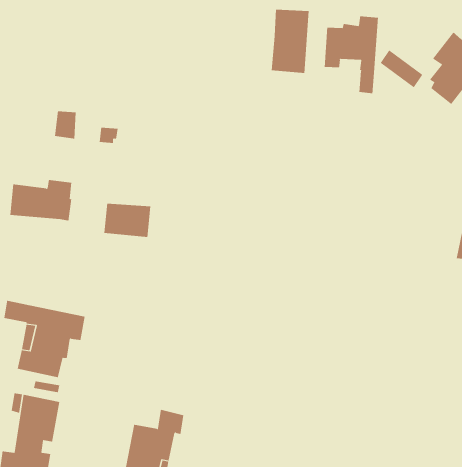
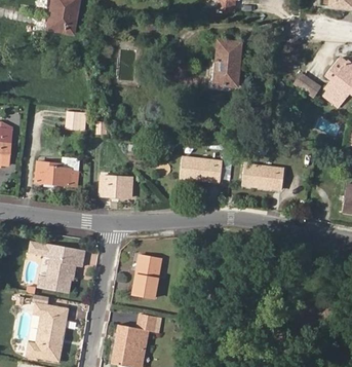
building: [324,15,379,94] -> none
building: none -> [180,156,222,181]
building: none -> [241,163,282,189]
building: none -> [133,259,162,299]

